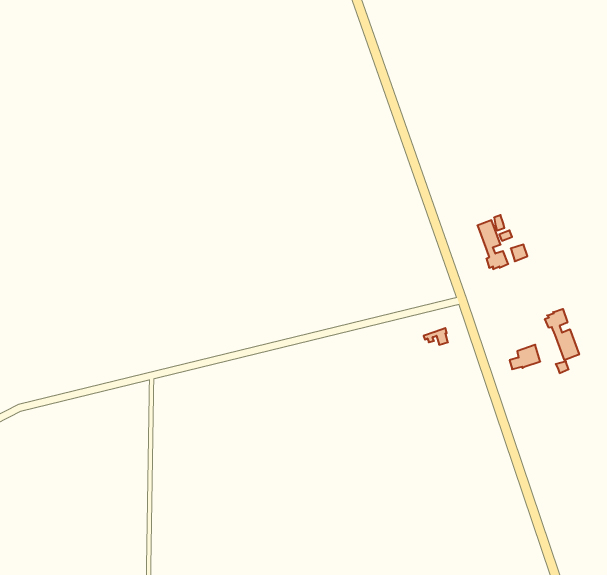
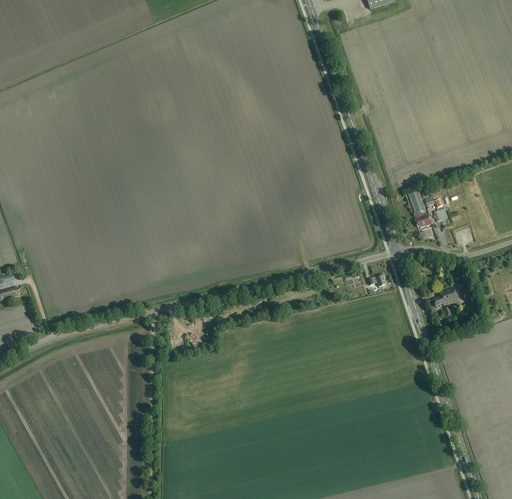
building: [545,309,579,360] -> none

